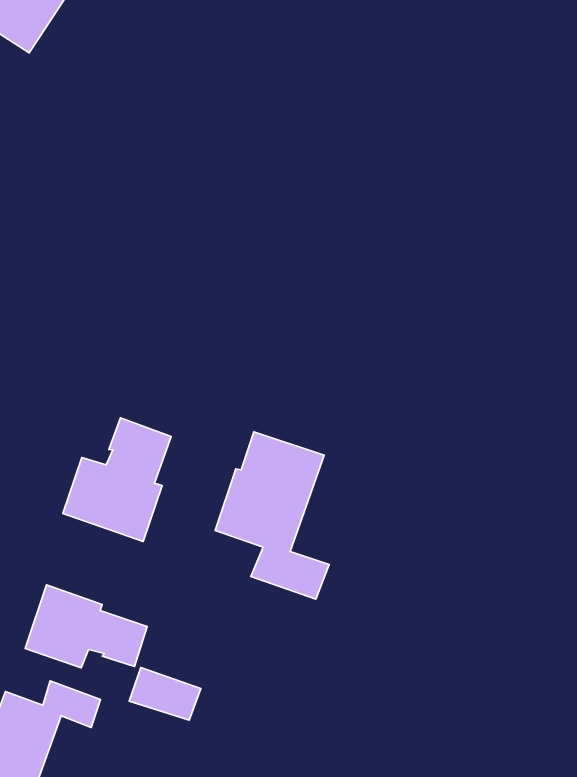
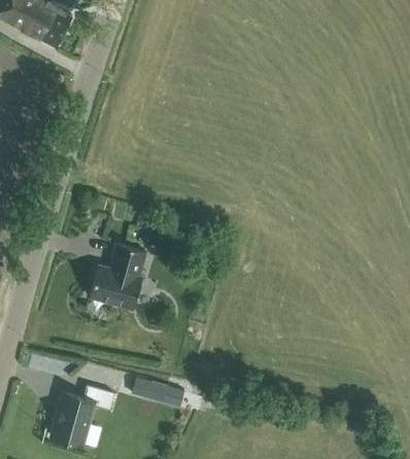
building: [215,432,329,599] -> none
building: [25,585,147,668] -> none

